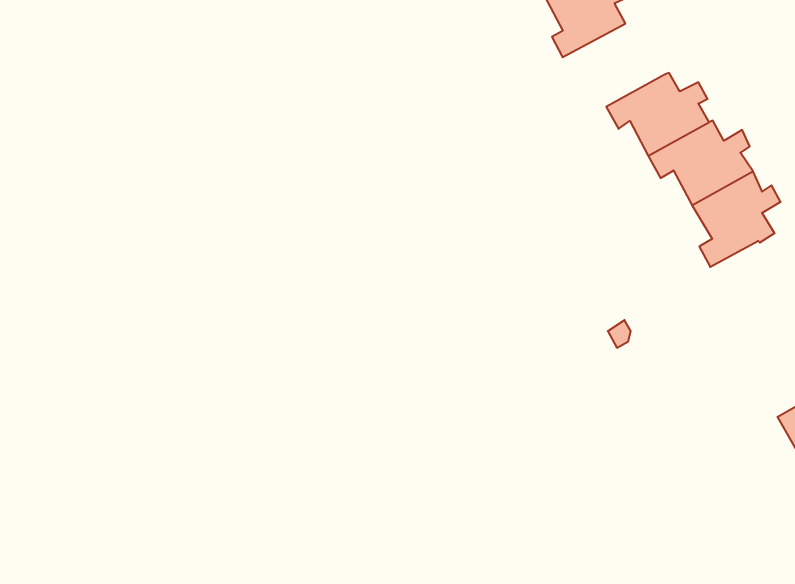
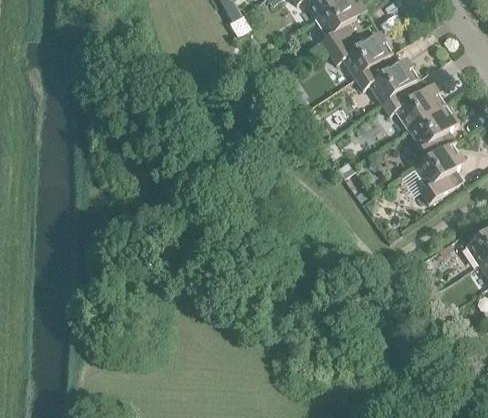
building: none -> [328,29,387,77]
building: none -> [414,146,465,203]

